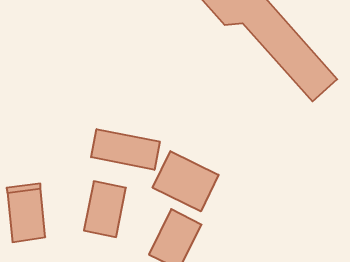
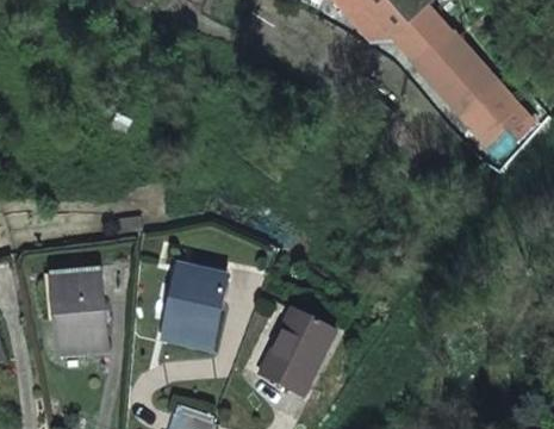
building: [91,129,160,170] -> none
building: [153,151,219,211] -> none

